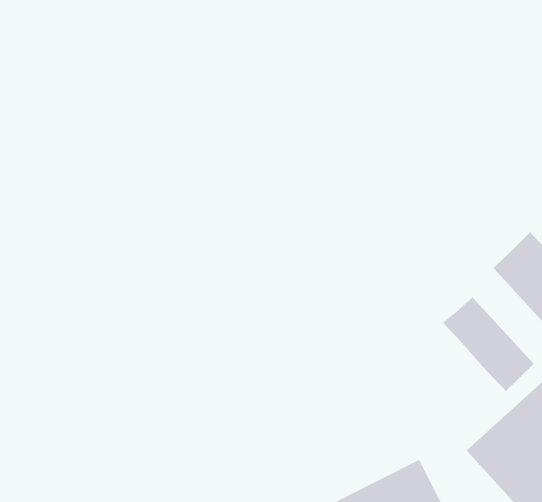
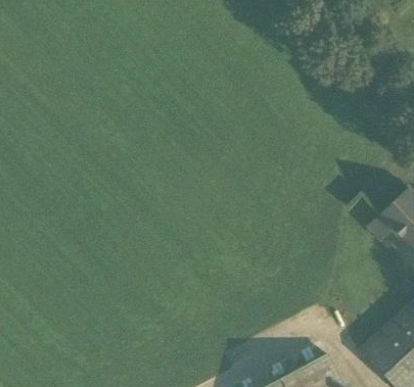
building: [442,296,535,392] -> none

